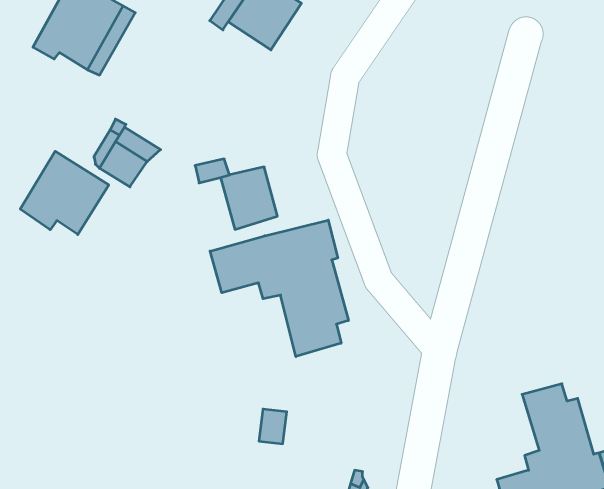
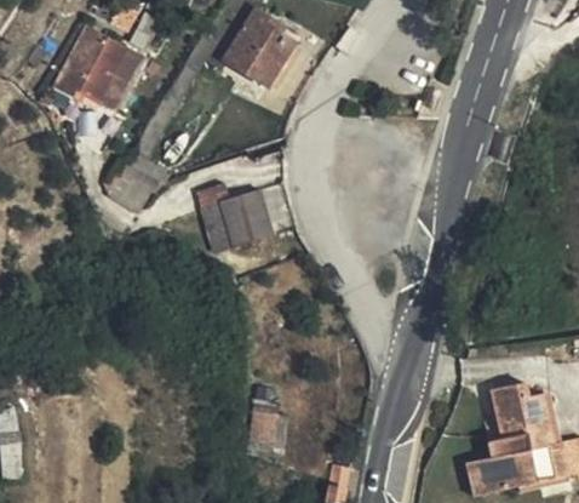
building: [20,151,109,235] -> none
building: [210,220,348,357] -> none

